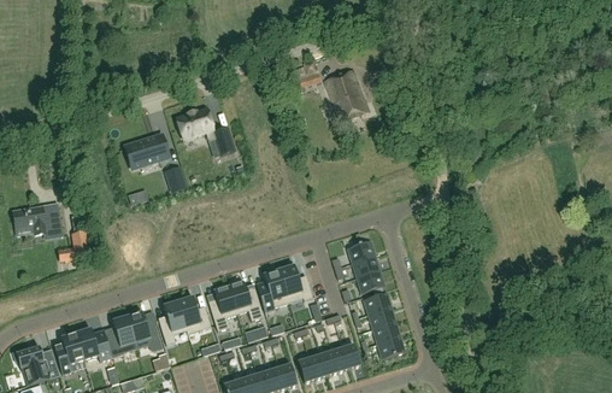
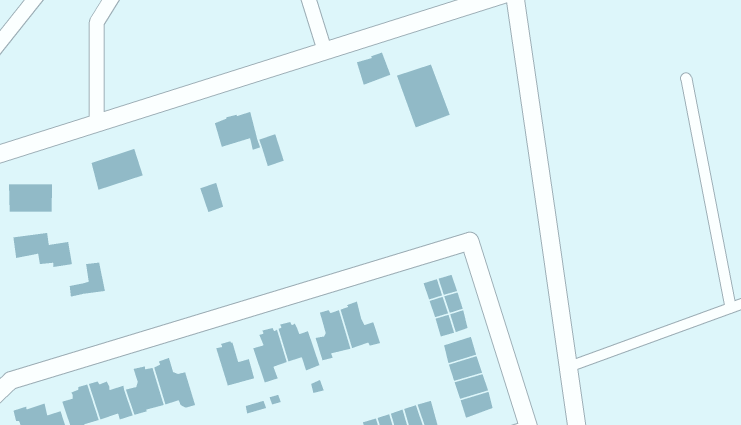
building: [125,133,169,168] -> [90,148,144,191]
building: none -> [8,183,53,213]
building: [159,299,188,344] -> none

